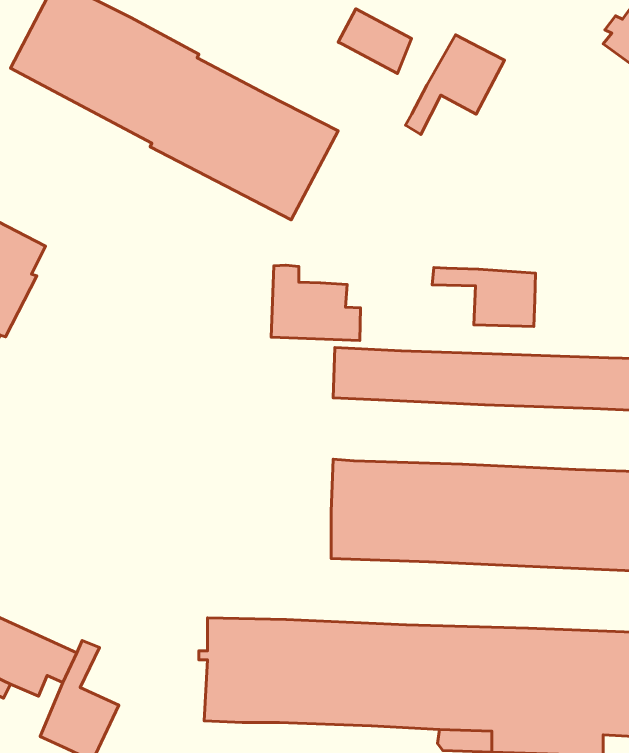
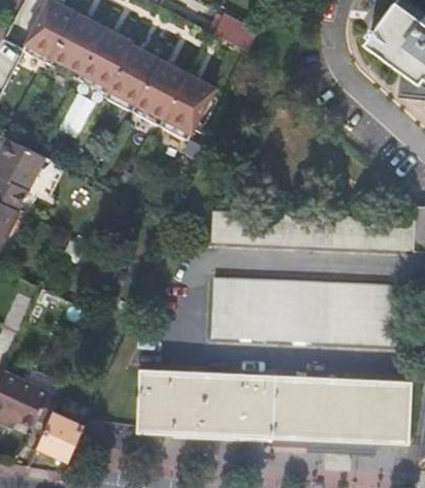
building: [405,35,504,134] -> none
building: [271,265,361,341] -> none
building: [432,267,536,327] -> none

